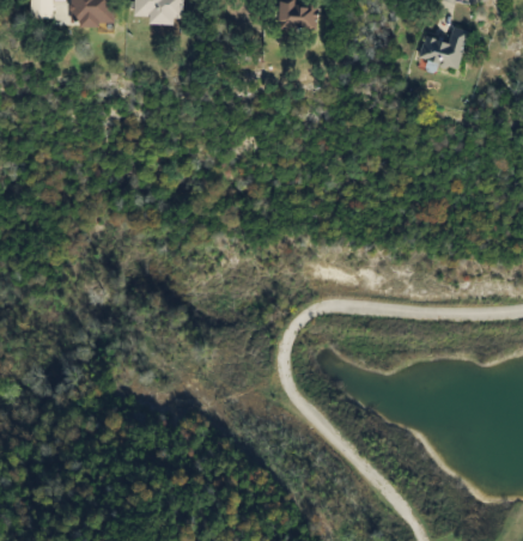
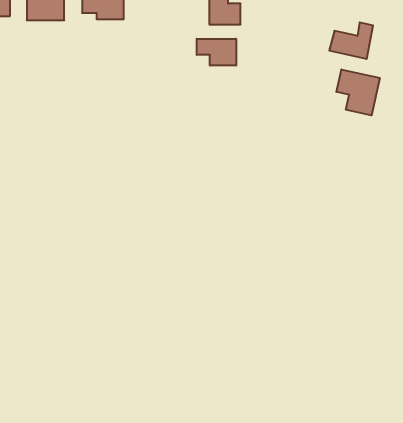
building: none -> [197,39,236,66]
building: none -> [336,69,380,115]

